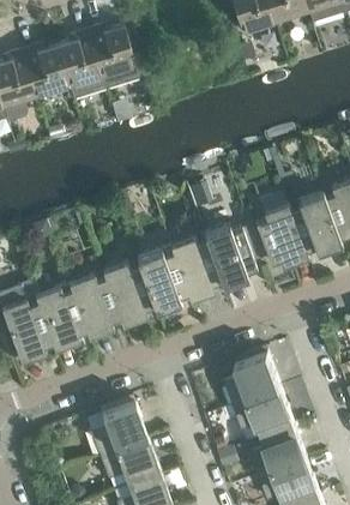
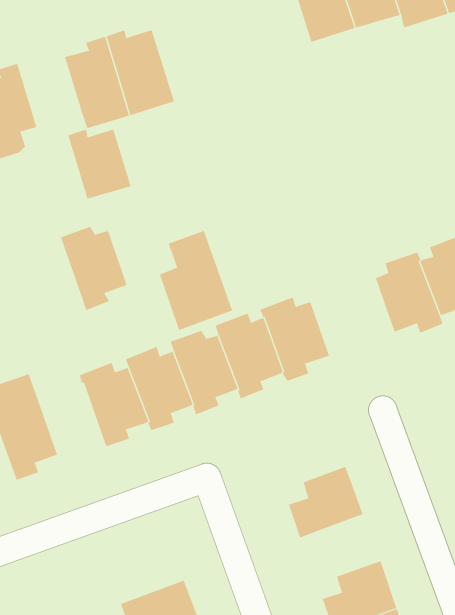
building: [20,44,68,97] -> [67,129,131,199]
building: none -> [159,230,233,331]
building: [253,203,306,264] -> none
building: [34,287,84,350] -> [60,226,127,311]
building: [231,387,292,434] -> none
building: [89,401,145,455] -> none

